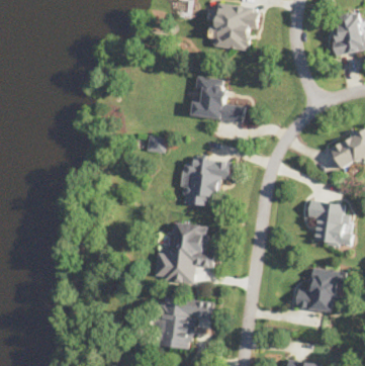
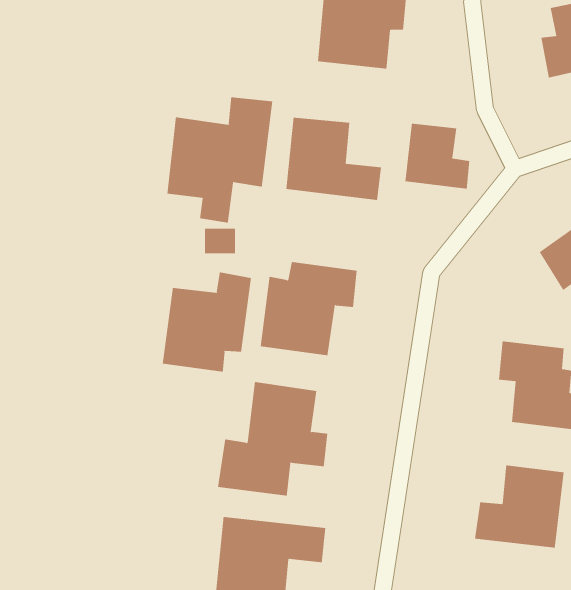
building: none -> [167,97,273,224]
building: none -> [405,123,470,189]
building: none -> [162,272,251,373]

